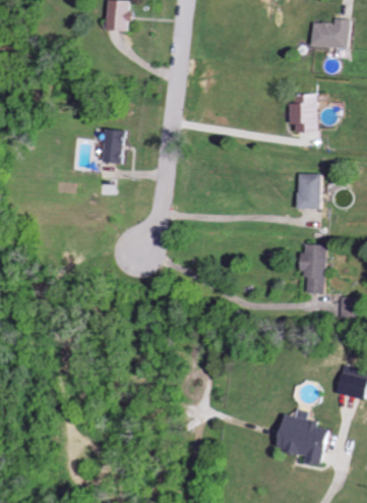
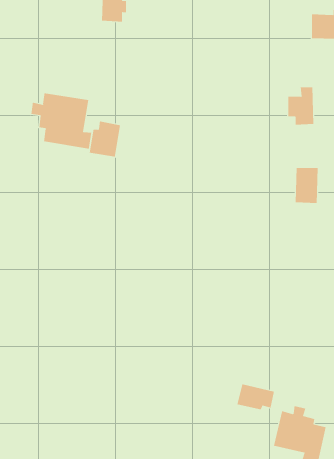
building: none -> [31,92,92,149]
building: [302,244,325,293] -> none
building: none -> [237,383,274,410]

